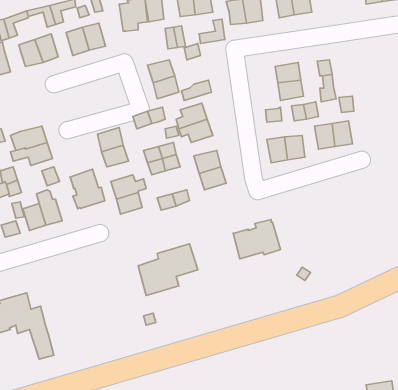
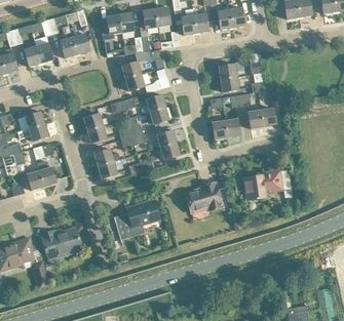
building: [70,169,105,209] -> none
building: none -> [243,169,282,199]
building: none -> [41,228,81,259]

